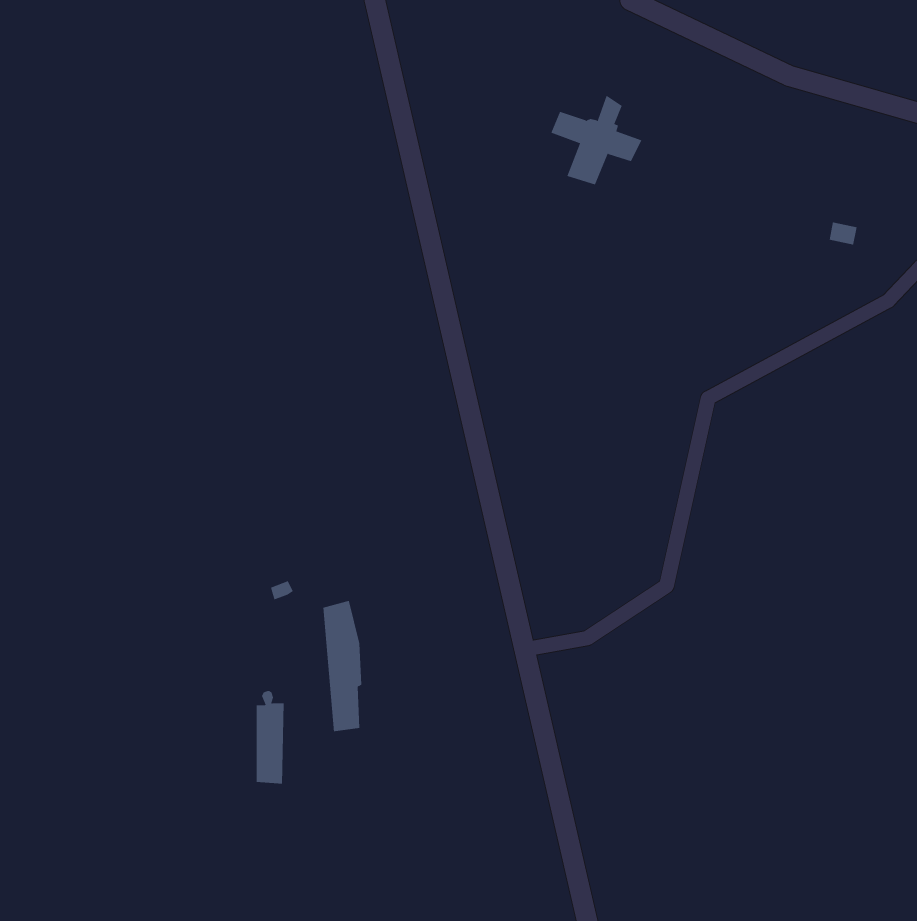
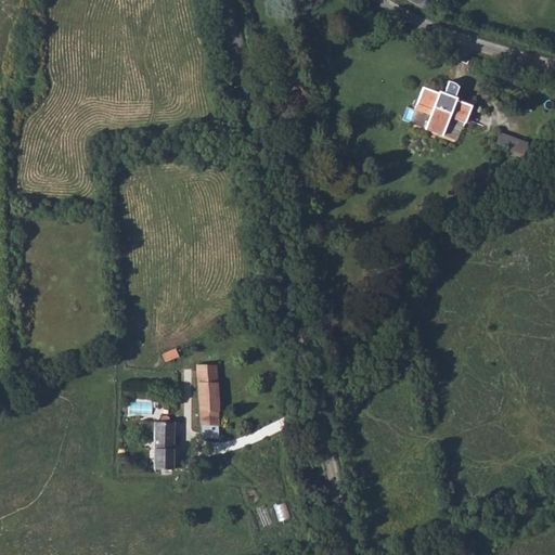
building: [550,95,642,185] -> [415,79,470,133]

